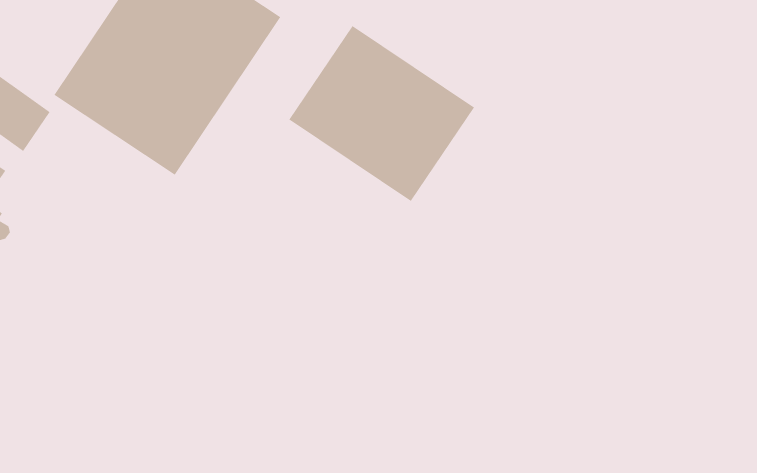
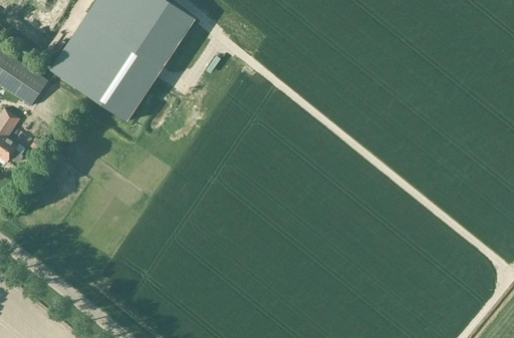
building: [289,25,475,202] -> none

